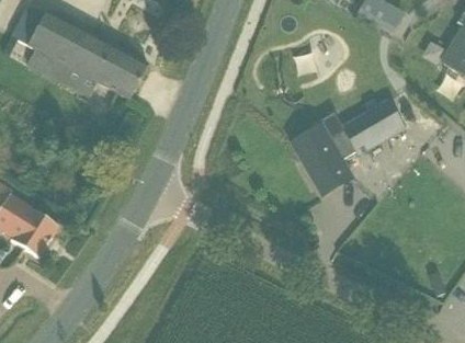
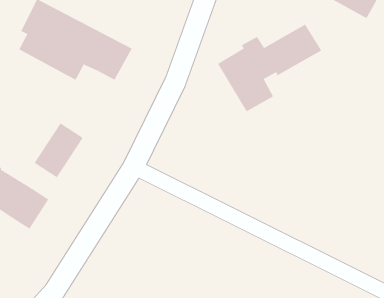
building: [291,99,402,193] -> [217,24,322,112]
building: none -> [34,122,84,178]

